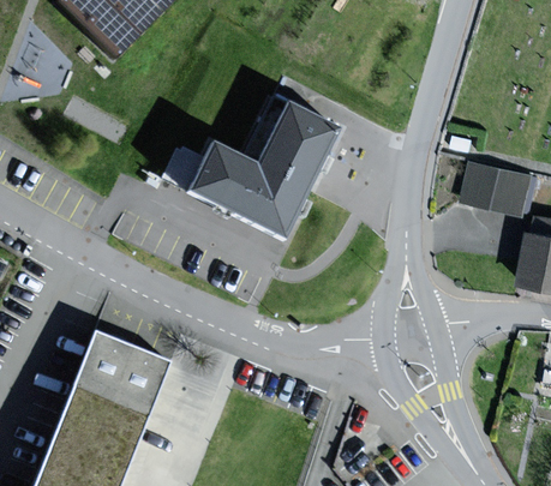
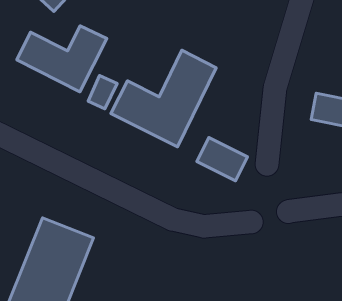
building: none -> [17,26,107,92]
building: none -> [197,138,248,181]

